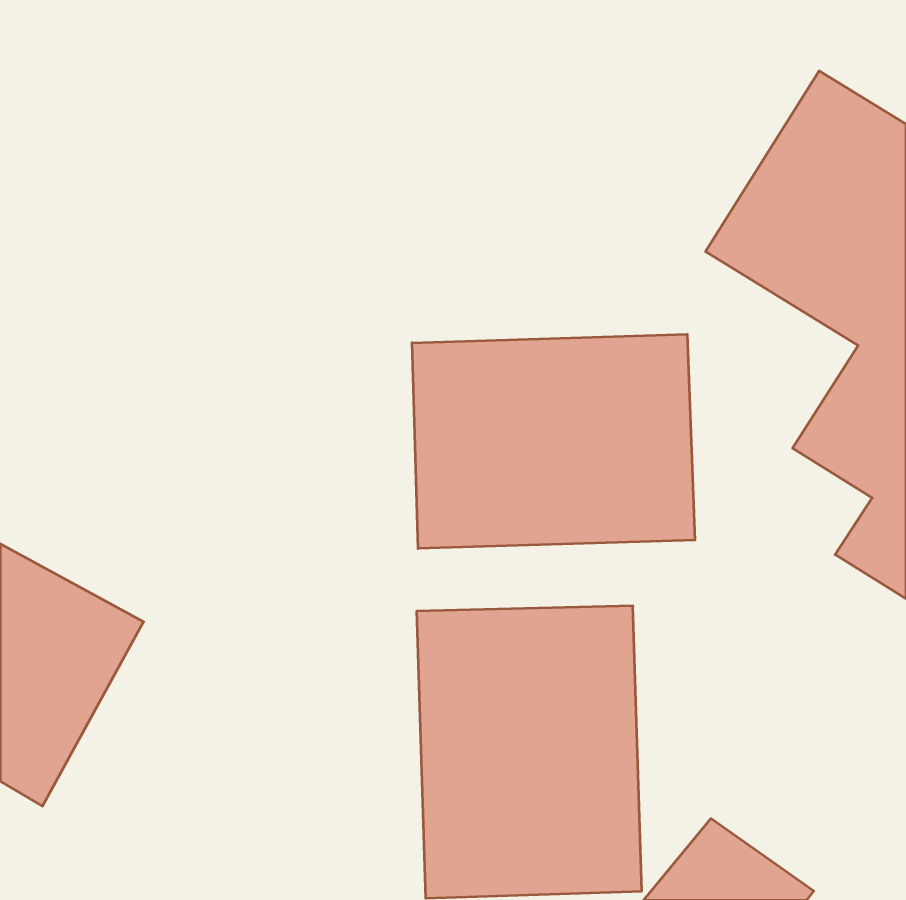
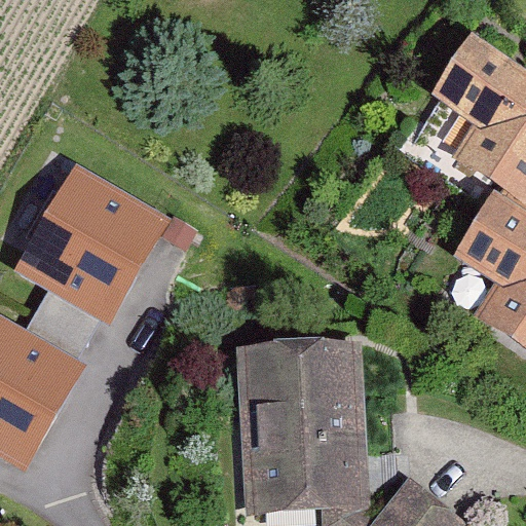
building: none -> [12,161,168,320]
building: [412,334,695,549] -> none

